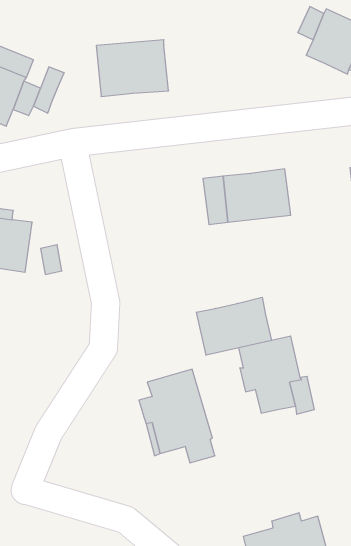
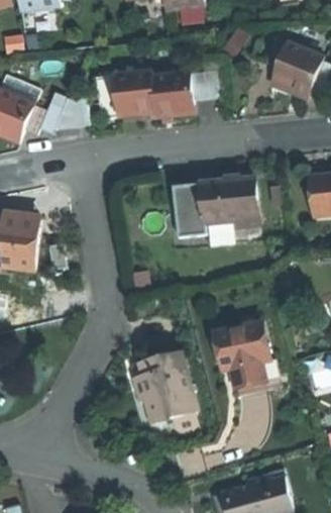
building: none -> [150,71,204,117]
building: none -> [56,91,91,120]
building: [197,297,272,355] -> none

